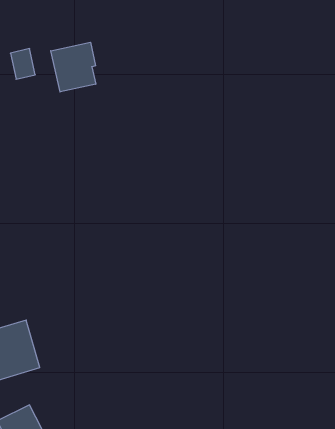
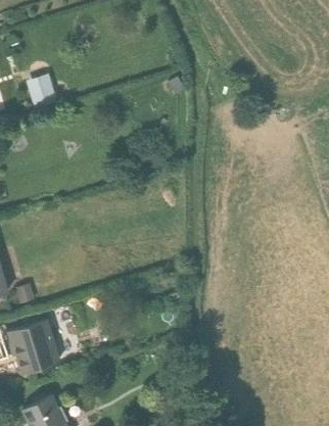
building: [51,42,96,92] -> none

